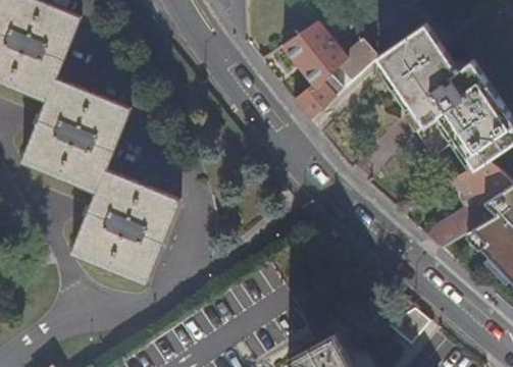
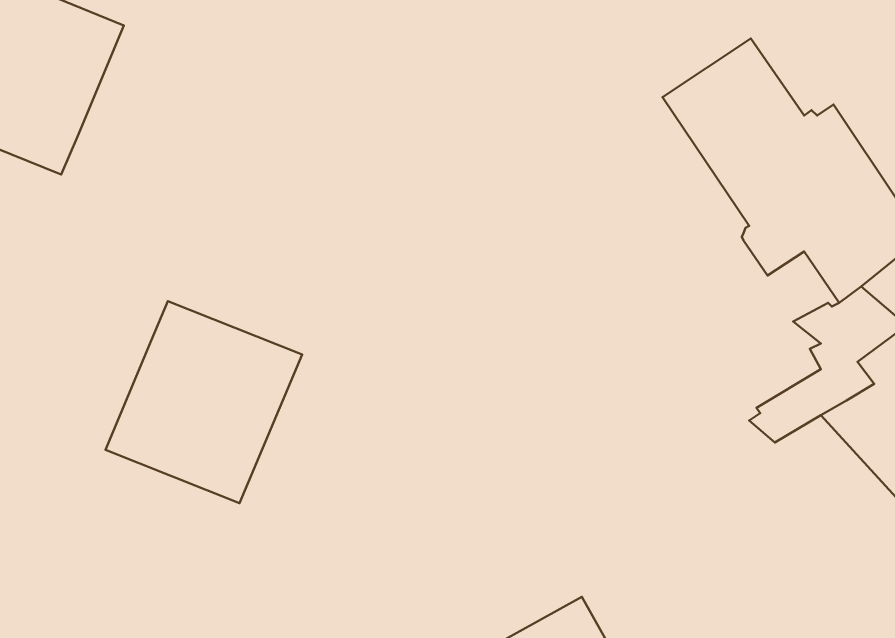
building: [268,7,377,120] -> none
building: [20,77,130,191] -> none

